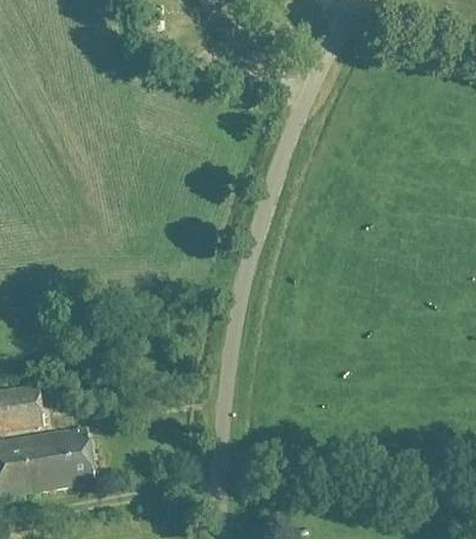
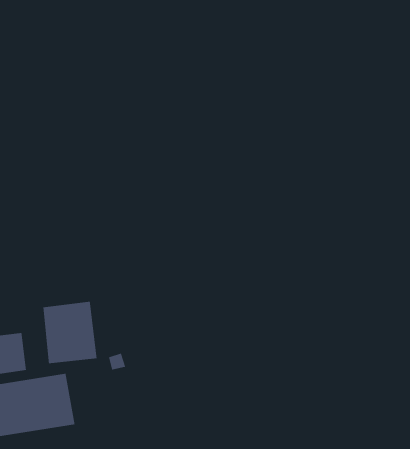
building: none -> [43,301,98,364]

